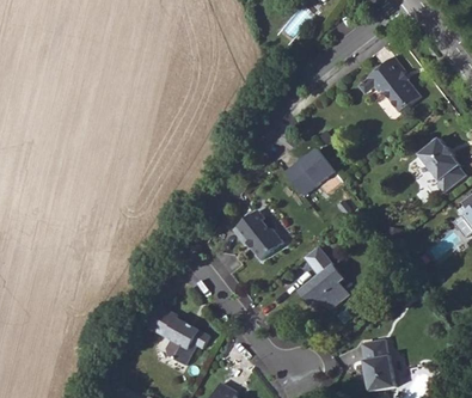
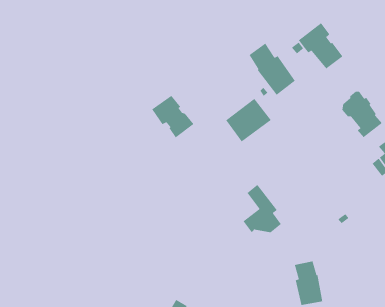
building: none -> [248,42,296,96]
building: [232,209,283,261] -> [151,95,195,138]
building: [146,305,209,366] -> none

